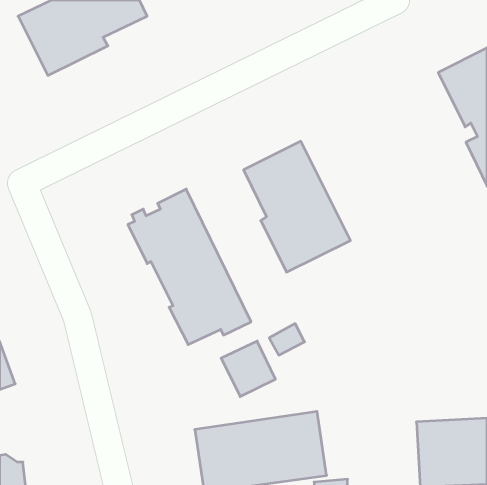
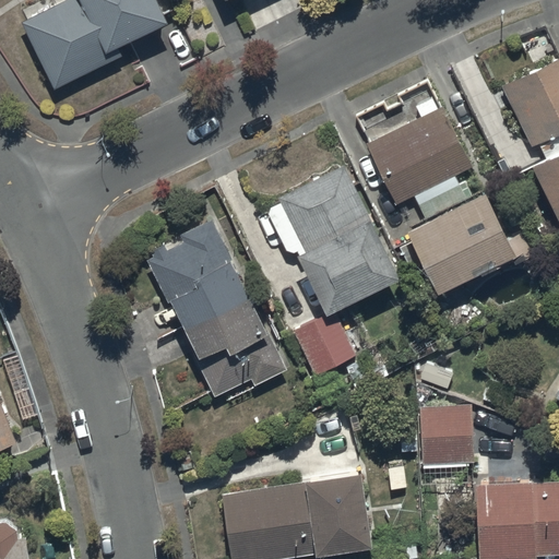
building: none -> [365,106,516,294]
building: [221,341,275,397] -> [294,312,356,376]
building: none -> [420,406,474,466]

